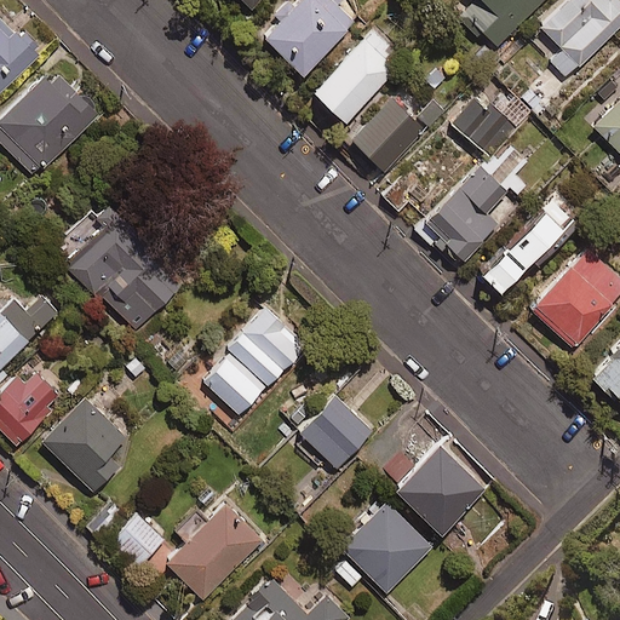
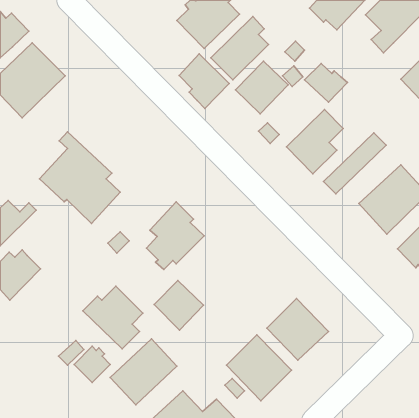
building: none -> [179,54,229,109]
building: [299,396,372,469] -> [154,281,203,330]
building: [35,400,124,492] -> [83,286,143,349]

